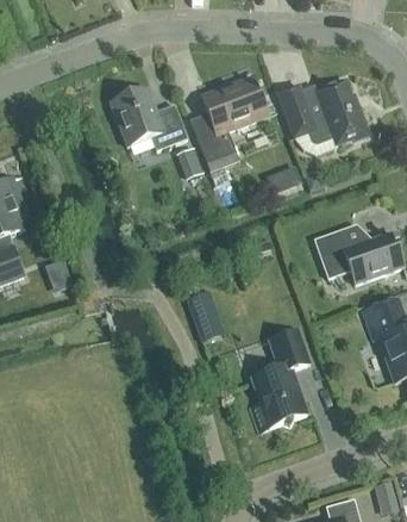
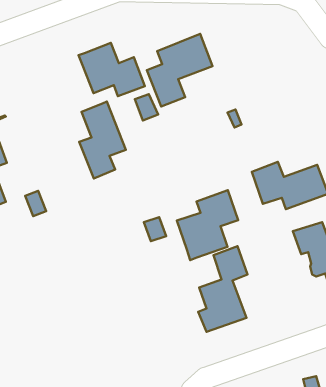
building: [277,79,365,143] -> none
building: none -> [79,101,126,178]
building: none -> [177,190,238,260]

